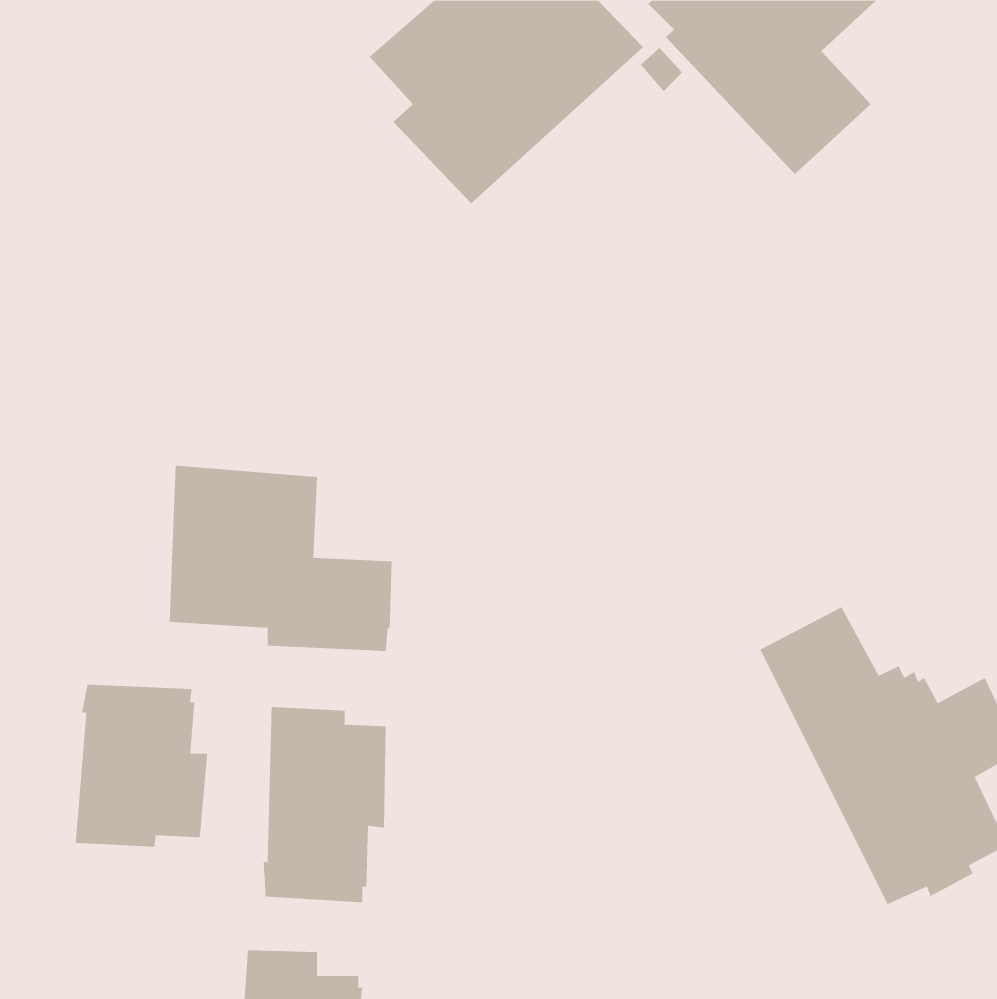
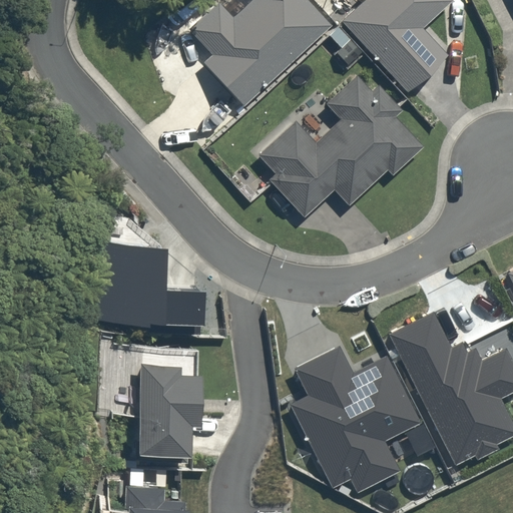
building: none -> [258,74,424,216]
building: none -> [291,345,422,492]
building: [75,684,208,847] -> none

